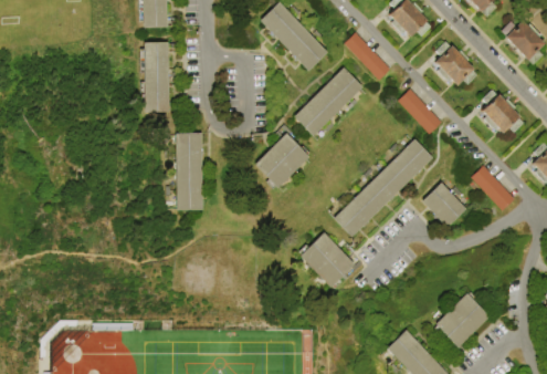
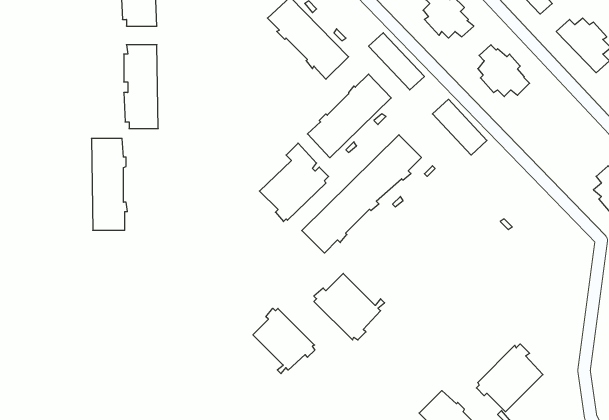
building: [481,90,524,133] -> none
building: [176,133,206,209] -> [91,138,127,230]
building: [333,138,432,237] -> [302,135,421,253]
building: [471,165,515,210] -> none
building: [421,181,466,227] -> none
building: none -> [253,308,315,374]

